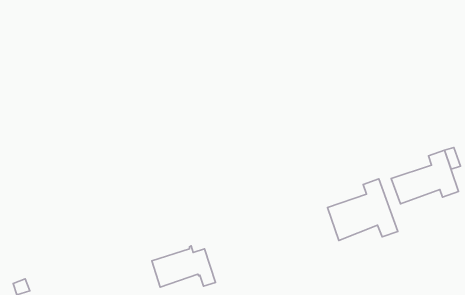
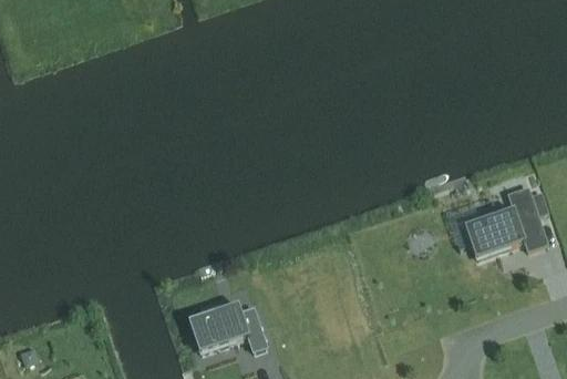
building: [328,179,398,240] -> none

